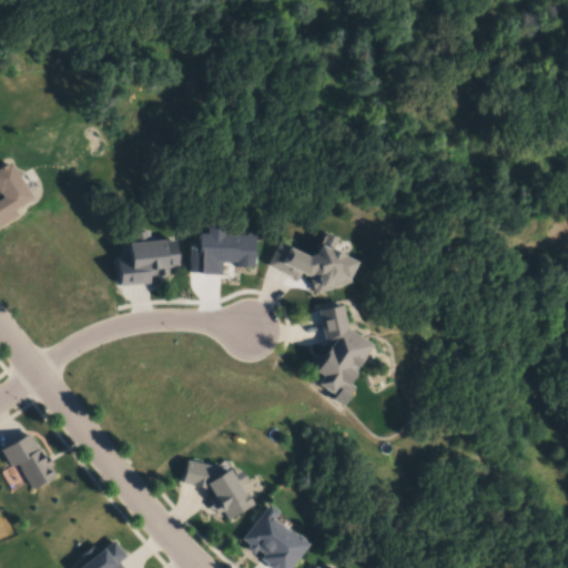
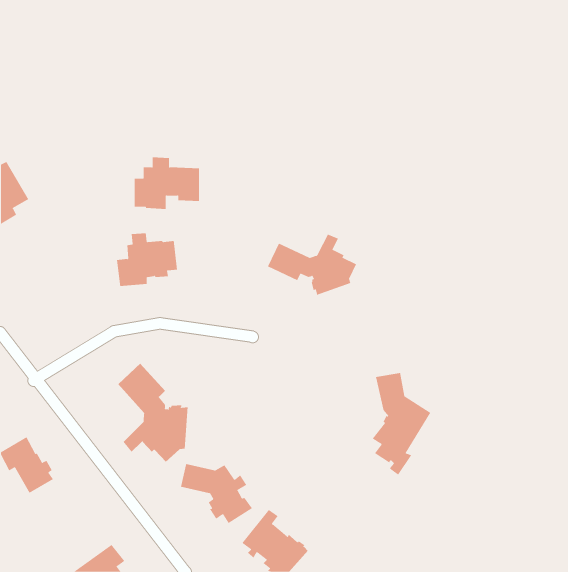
building: [191,222,256,274] -> [134,157,200,209]
building: [316,304,375,406] -> [372,372,431,475]
building: none -> [117,363,188,463]

